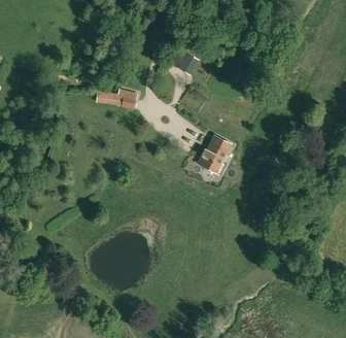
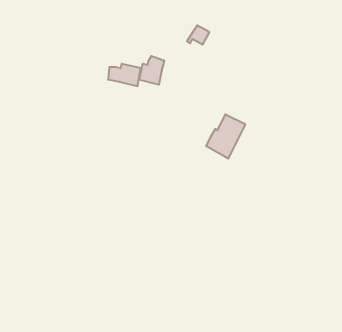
building: none -> [139,56,164,85]

